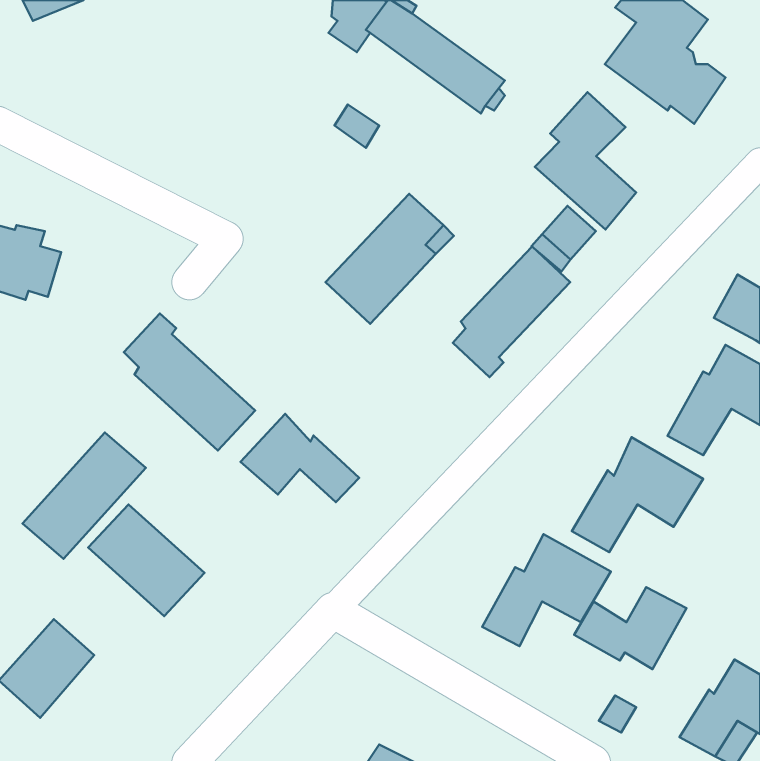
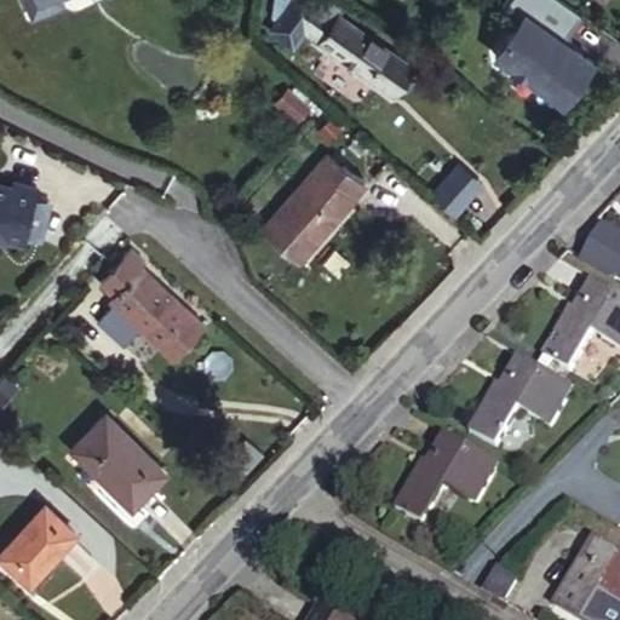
building: [535,92,636,230] -> none
building: [453,247,570,377] -> none
building: [241,414,359,502] -> none
building: [23,432,146,559] -> none
building: [574,587,687,669] -> none

